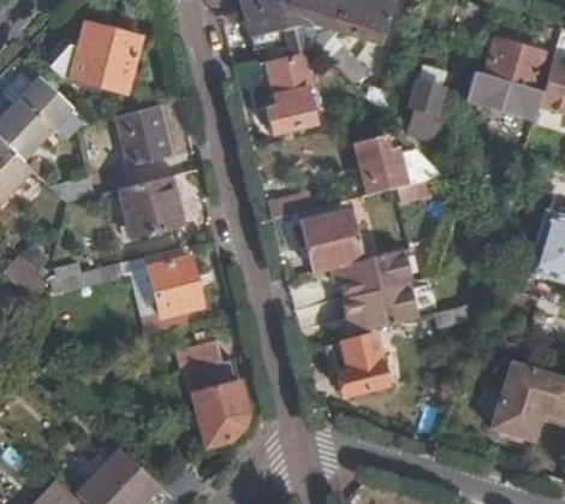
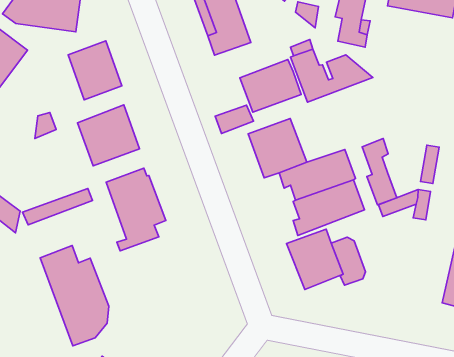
building: none -> [240,59,301,112]
building: none -> [362,139,397,205]
building: [180,338,249,446] -> [40,246,109,346]

